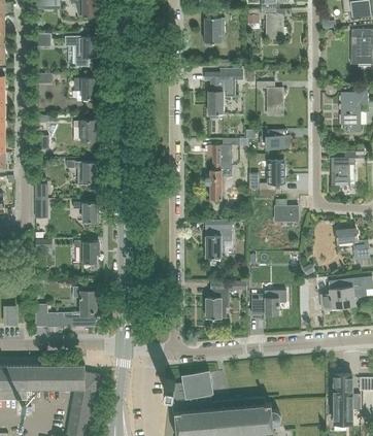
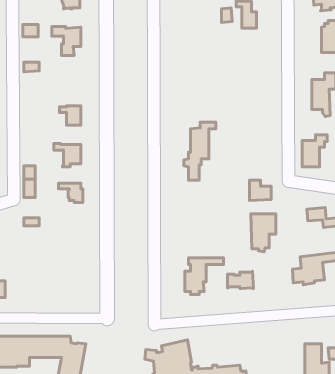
building: [205,18,225,46] -> none
building: [205,69,243,119] -> none
building: [74,78,96,100] -> none
building: [257,82,283,115] -> none
building: [262,130,290,148] -> none
building: [259,161,284,191] -> none
building: [205,221,232,261] -> [251,214,276,252]
building: [74,239,99,263] -> none
building: [35,288,97,328] -> none

